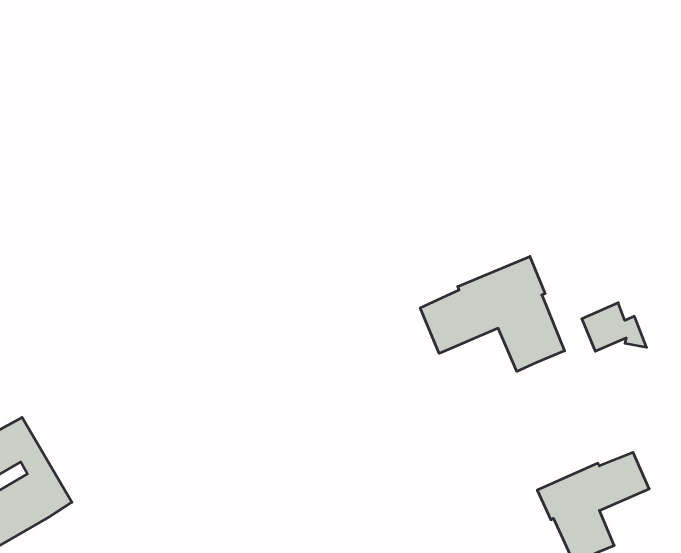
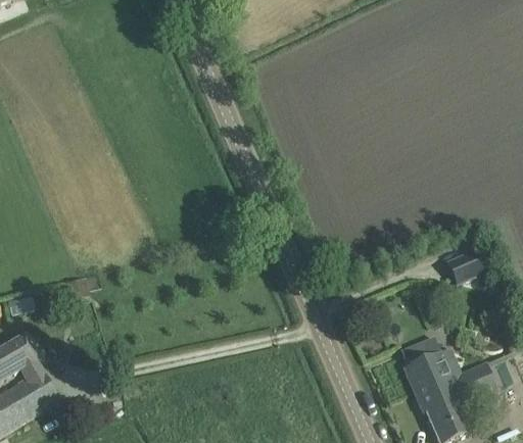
building: [420,256,565,371] -> none
building: none -> [399,335,458,389]

